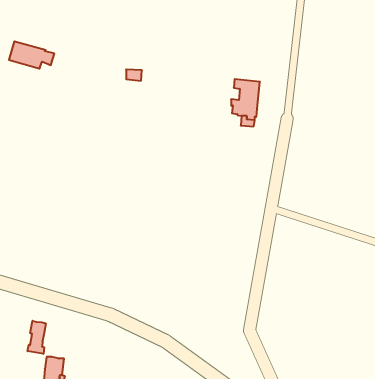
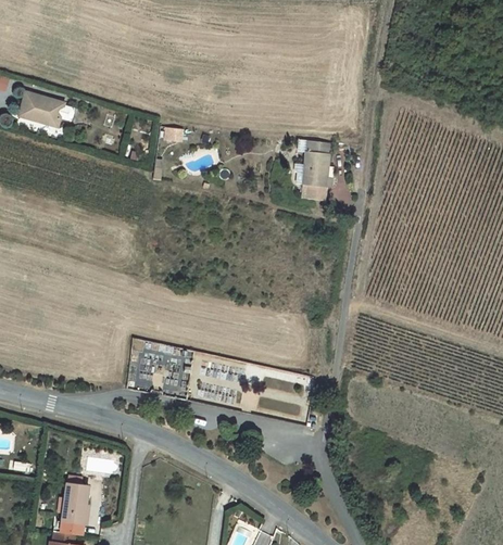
building: [28,321,46,354] -> none

